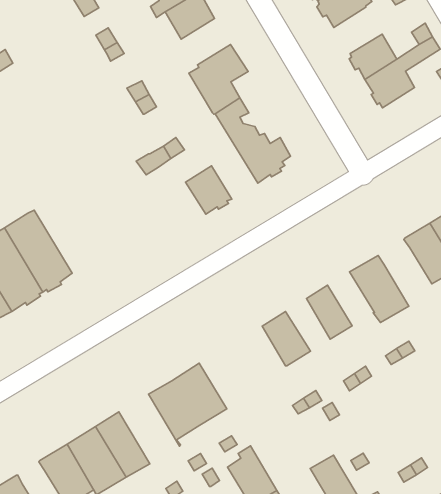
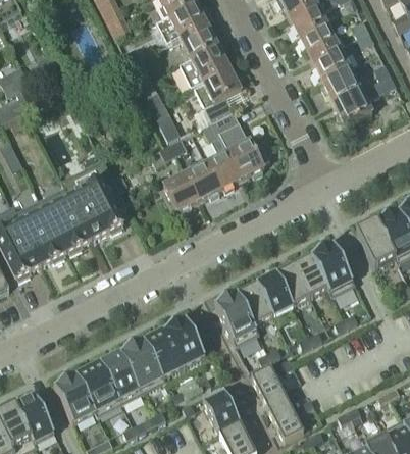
building: none -> [312,45,350,81]
building: none -> [181,45,229,86]
building: none -> [202,119,243,189]
building: none -> [64,163,126,238]
building: none -> [164,172,200,211]
building: none -> [292,253,327,296]
building: none -> [257,271,291,313]
building: none -> [214,291,259,344]
building: none -> [119,338,165,393]
building: none -> [251,364,287,406]

